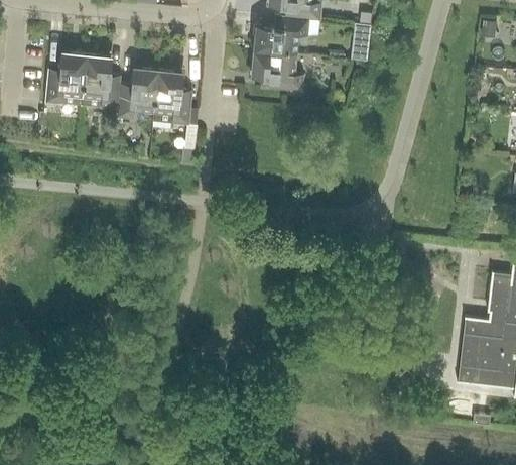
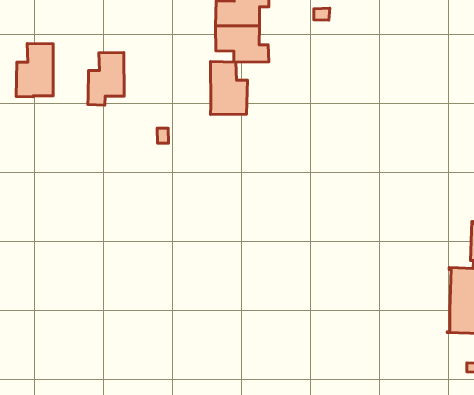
building: [82,52,121,109] -> none
building: [152,68,192,124] -> [211,61,247,114]

